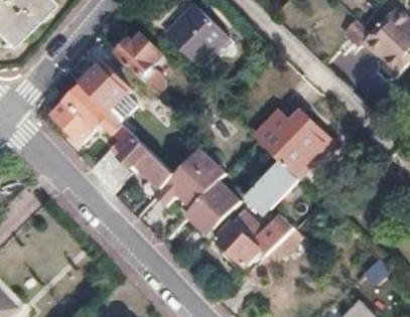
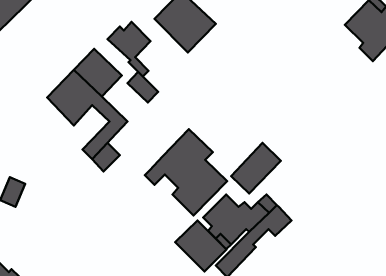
building: [252,109,333,180] -> none
building: [119,139,173,190] -> none
building: none -> [175,220,227,272]

